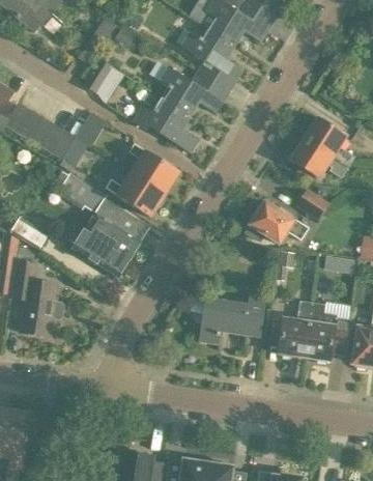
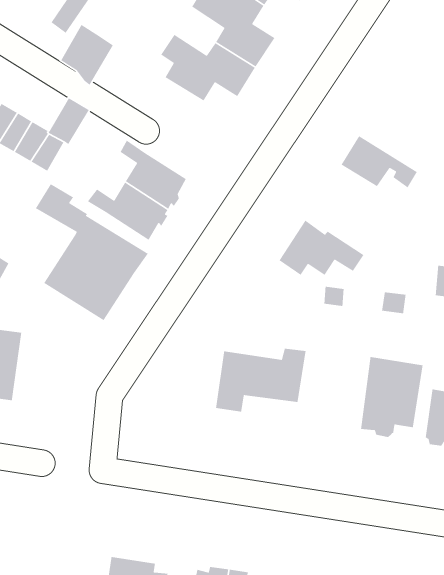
building: [135,96,198,150] -> none
building: [304,117,354,166] -> none
building: [295,188,329,220] -> none
building: [269,300,312,356] -> none

